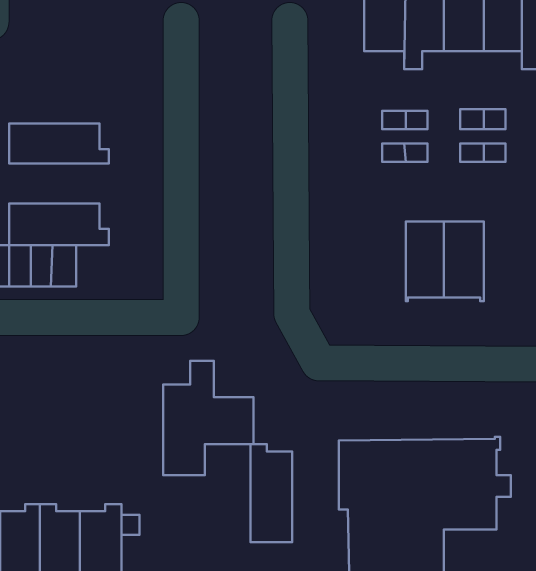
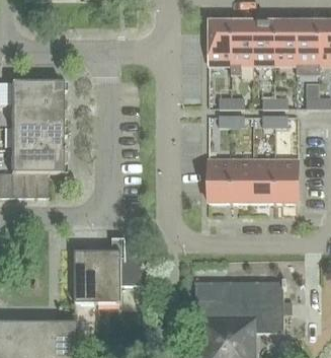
building: none -> [10,80,66,104]
building: none -> [10,127,66,149]
building: none -> [209,158,232,204]
building: none -> [275,159,298,204]
building: [251,444,292,542] -> [73,246,96,301]

